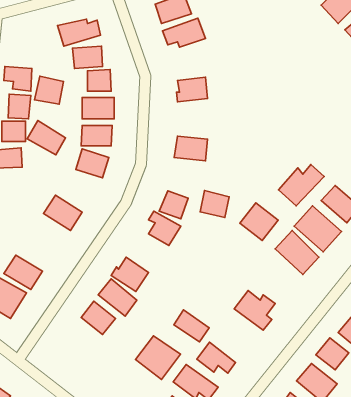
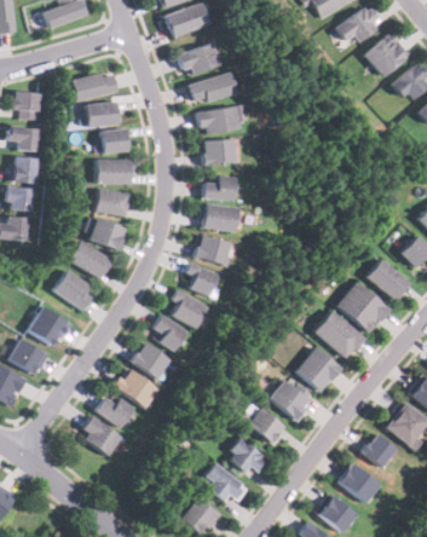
building: none -> [197,104,241,137]
building: [35,76,64,104] -> [10,88,42,120]
building: none -> [204,175,235,200]
building: [27,121,66,155] -> [68,239,111,278]
building: [279,165,324,206] -> none
building: [200,191,229,217] -> [198,233,231,264]
building: [240,203,278,240] -> [298,347,341,389]
building: none -> [28,305,71,347]
building: none -> [149,314,187,351]
building: [174,310,209,342] -> [248,406,288,443]
building: none -> [79,414,122,454]
building: [136,336,180,380] -> none

